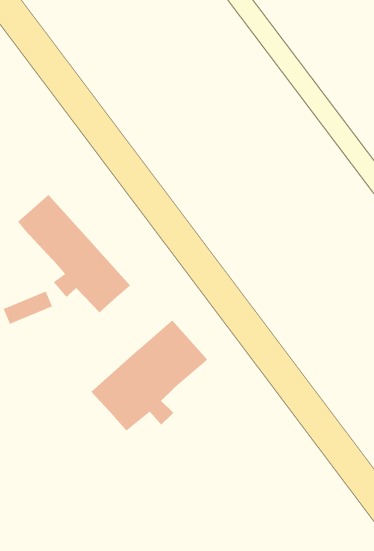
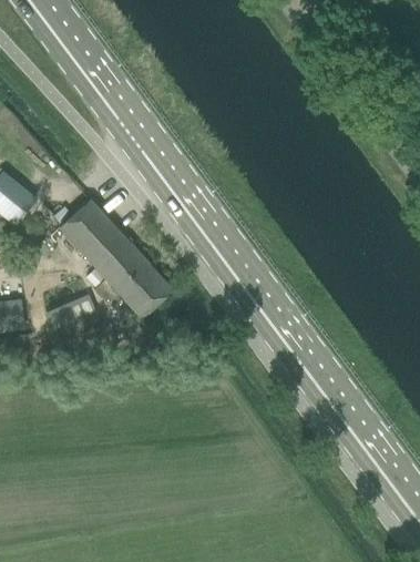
building: [91,320,208,432] -> none

